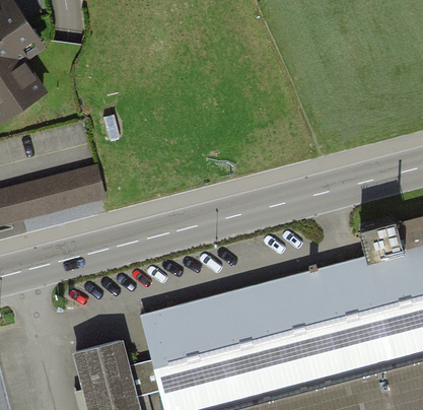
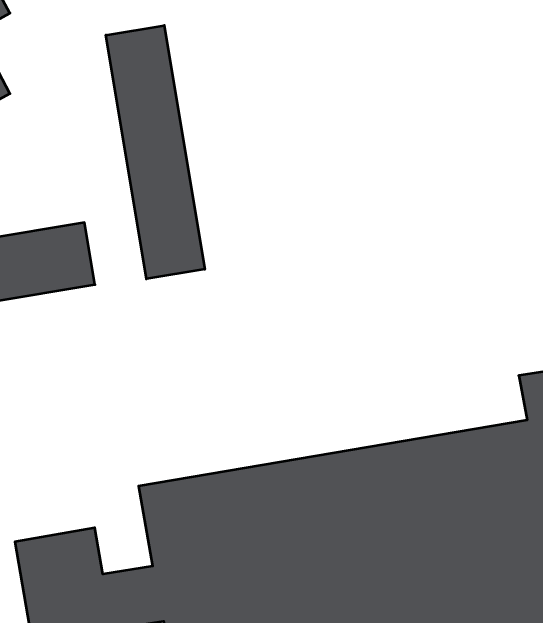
building: none -> [106,25,205,279]

